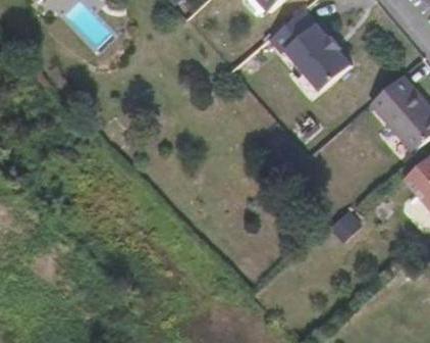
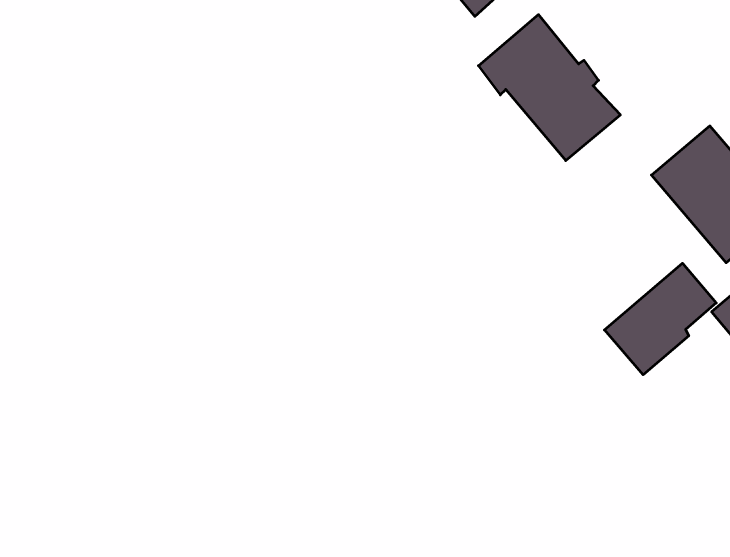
building: none -> [604,263,716,375]

